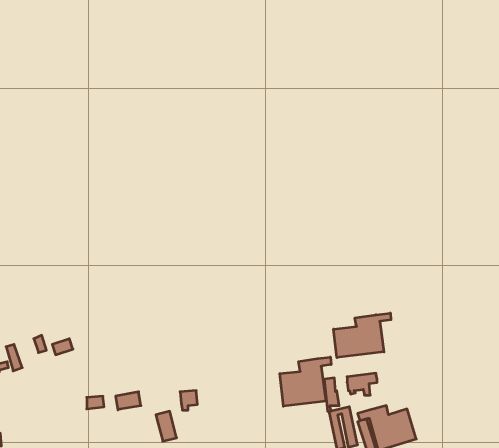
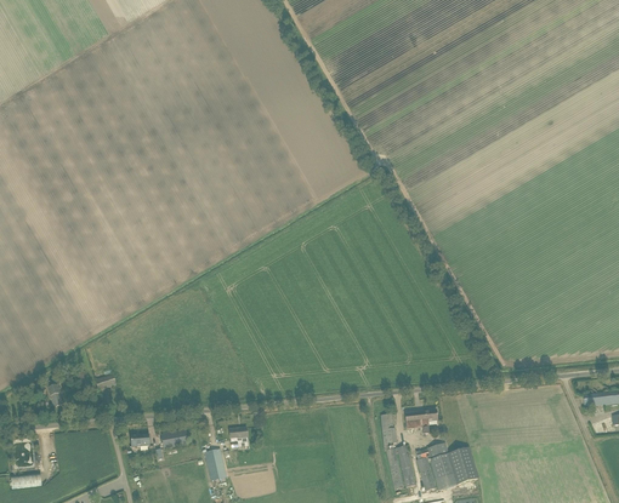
building: [334,313,391,358] -> none
building: [280,357,331,406] -> none

